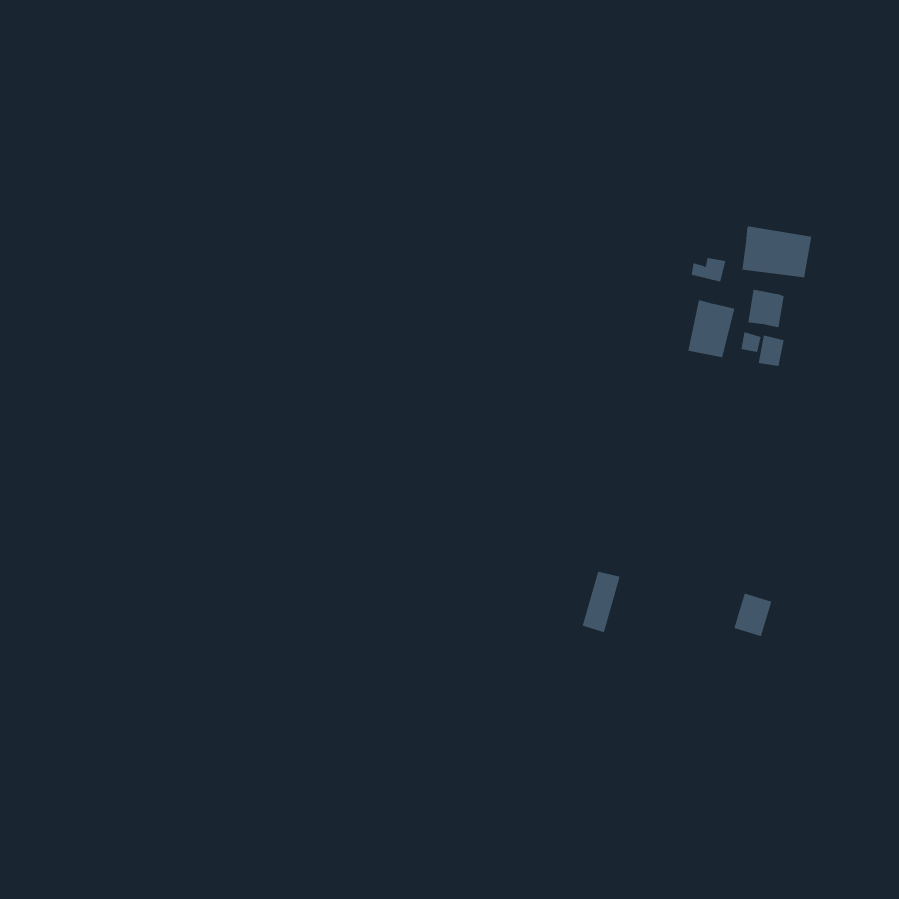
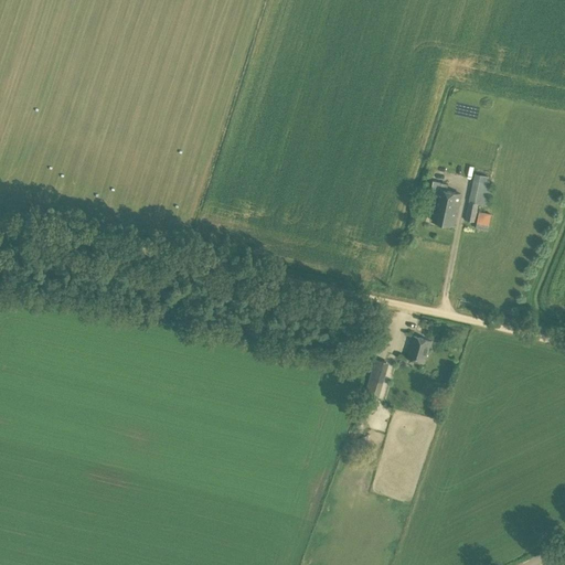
building: [742,226,812,278] -> none
building: [733,593,772,637] -> [406,334,430,362]

